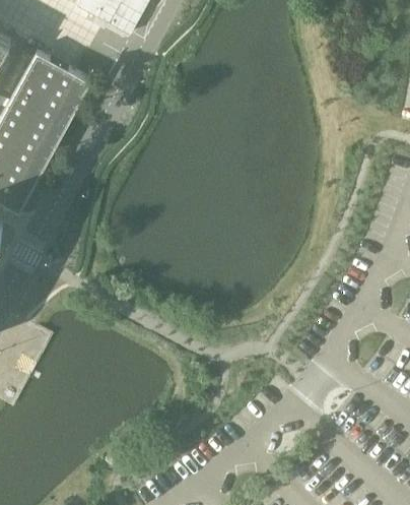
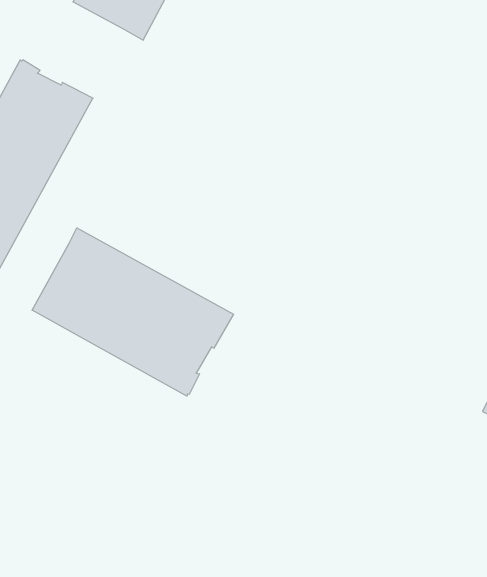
building: none -> [32,228,234,396]

